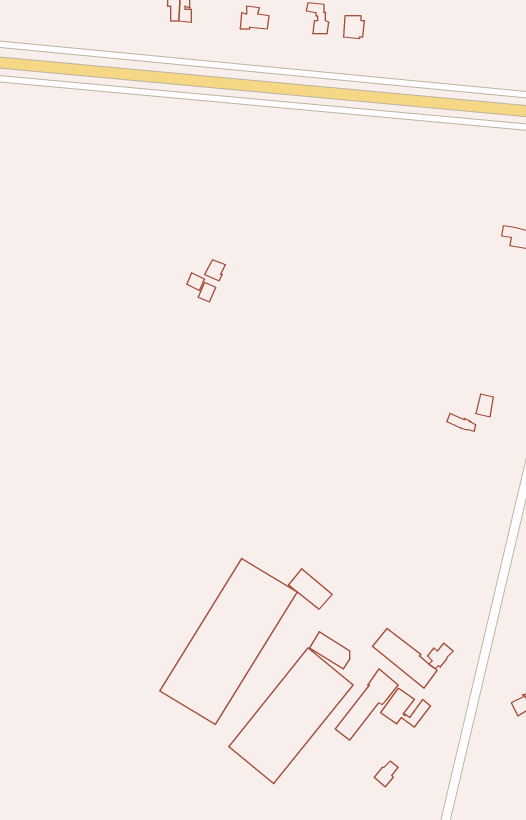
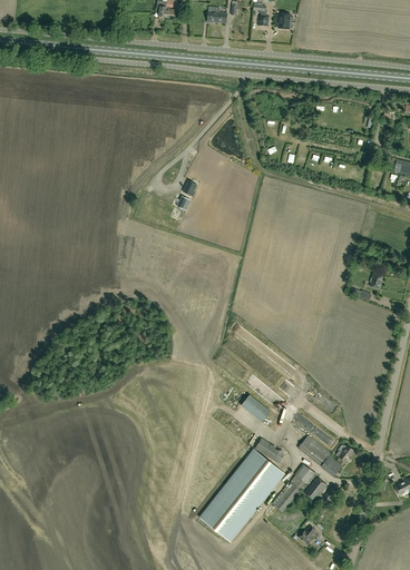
building: [160,558,297,725] -> none

